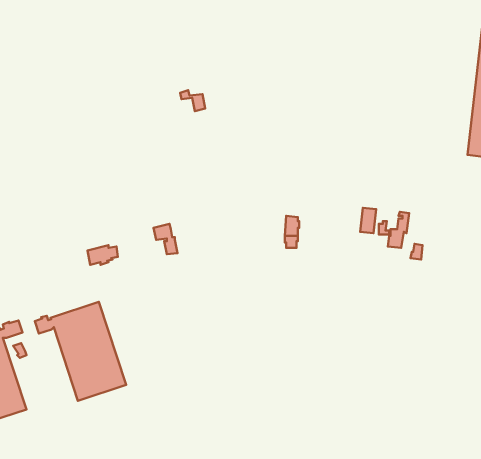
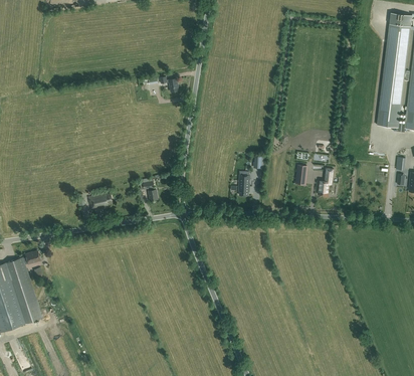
building: [35,302,126,401] -> none

